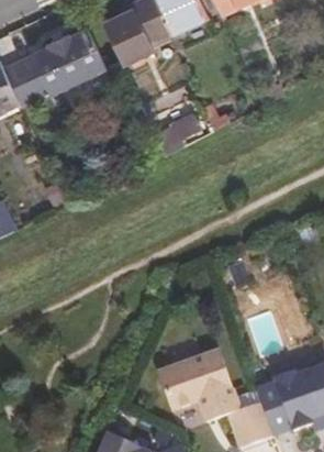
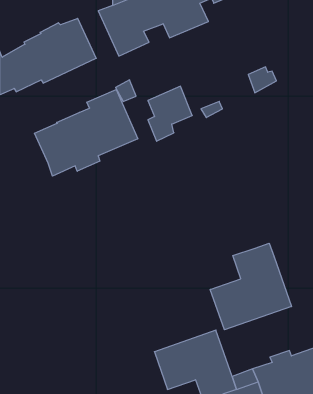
building: none -> [35,89,138,176]
building: none -> [210,243,291,330]

